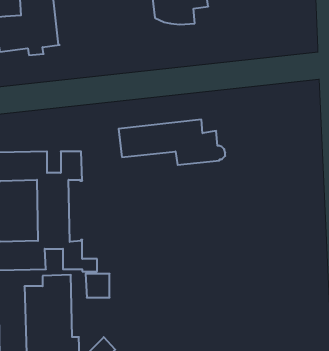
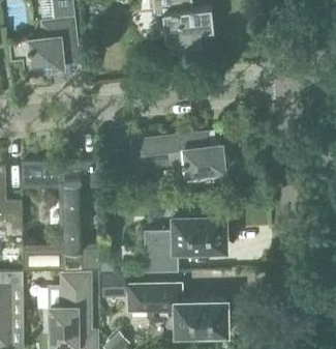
building: none -> [145,215,225,274]
building: none -> [129,287,231,337]

